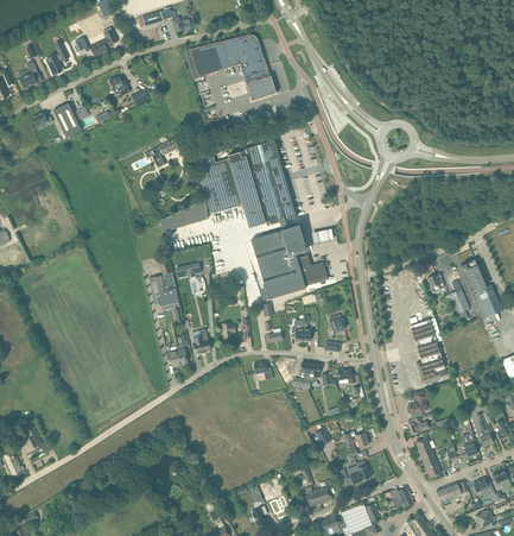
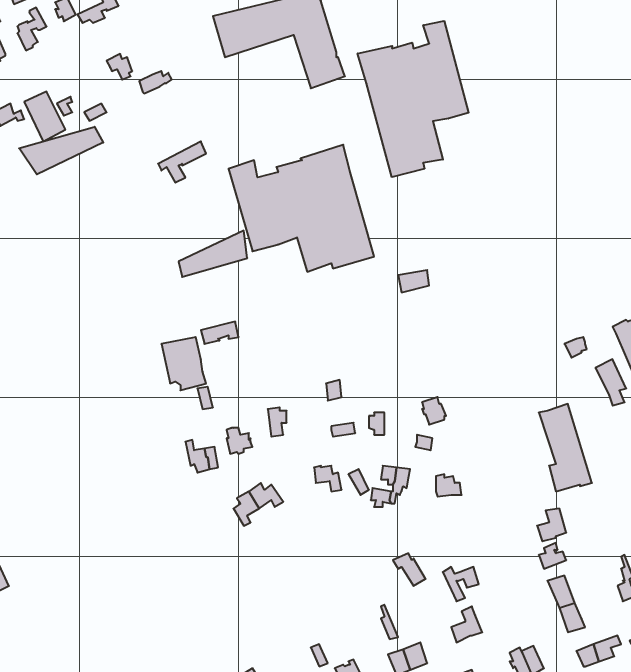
building: none -> [358,21,469,177]
building: none -> [19,127,103,174]
building: [253,226,340,299] -> none

